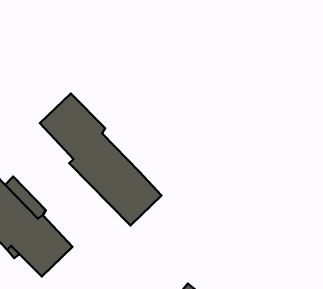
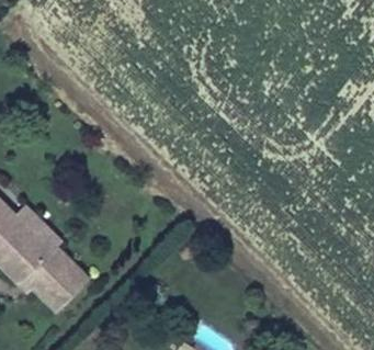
building: [40,93,161,225] -> none

